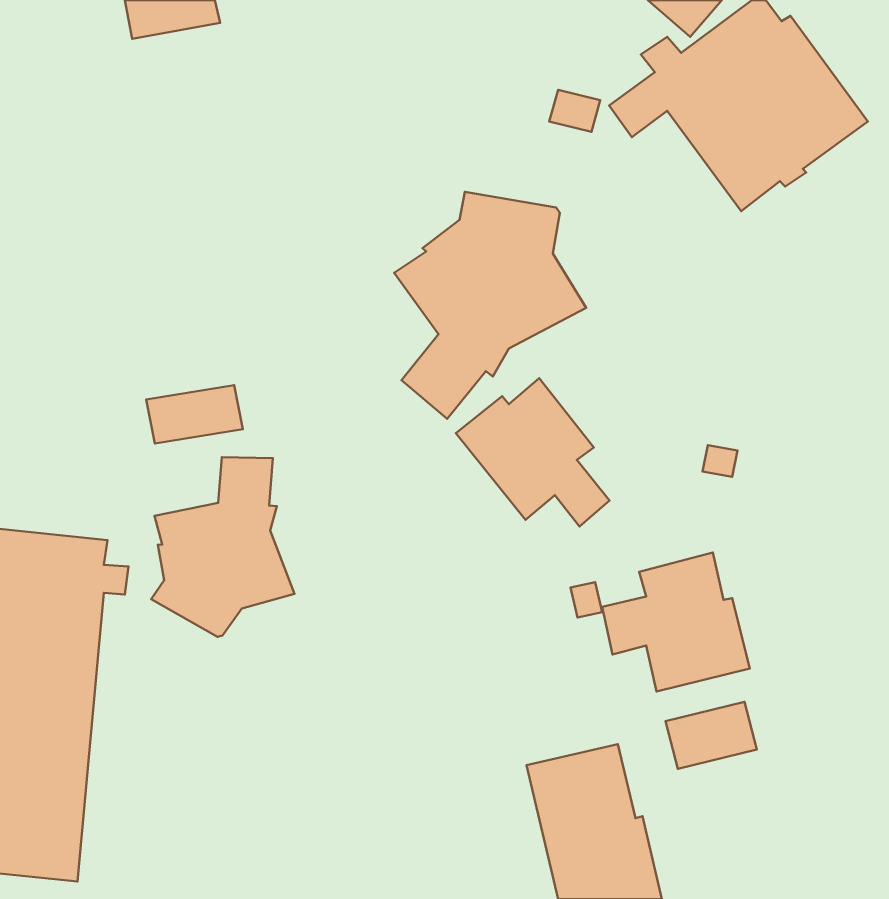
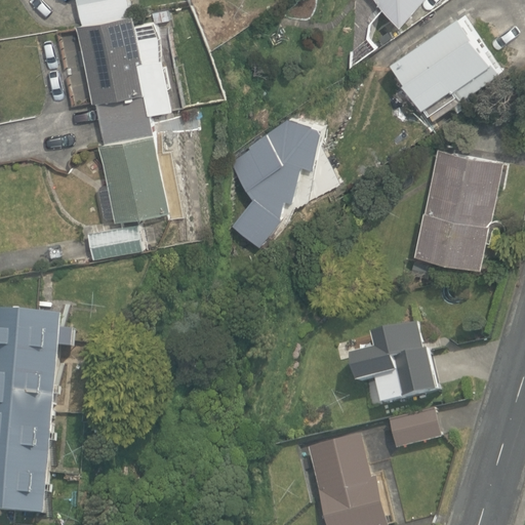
building: none -> [74,15,169,220]
building: none -> [416,148,502,265]
building: [456,378,610,527] -> none
building: [151,457,295,637] -> none

